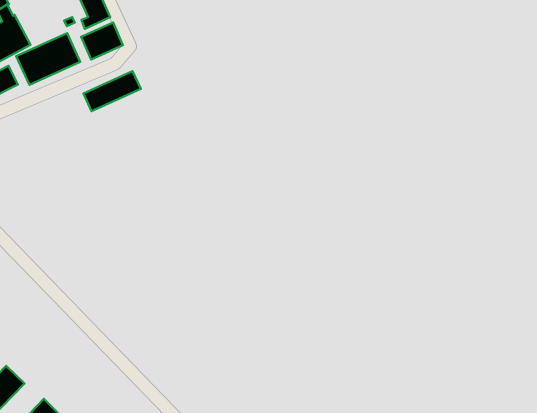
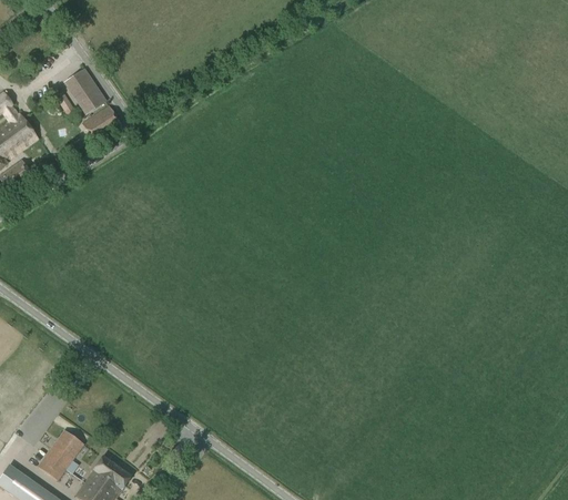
building: [16,33,80,85] -> none
building: [83,71,141,111] -> none

